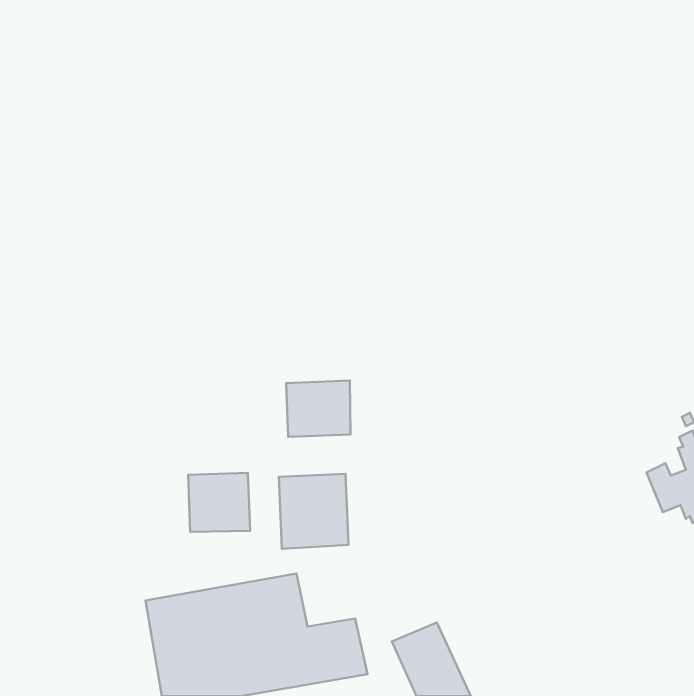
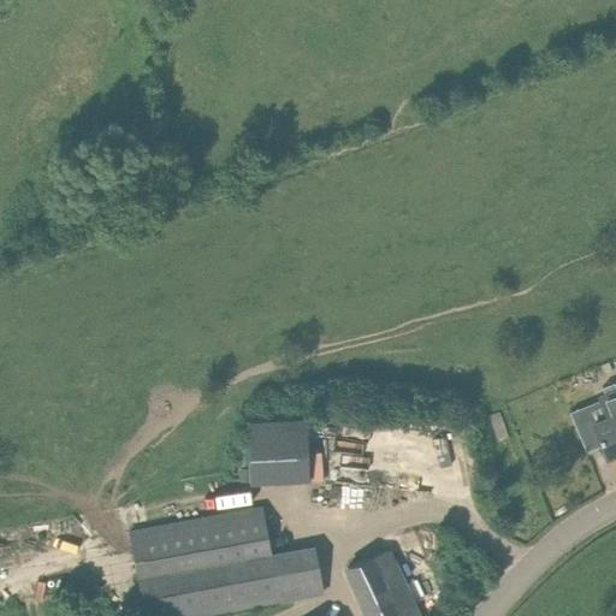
building: [286,381,351,437] -> none
building: [188,473,250,532] -> none

